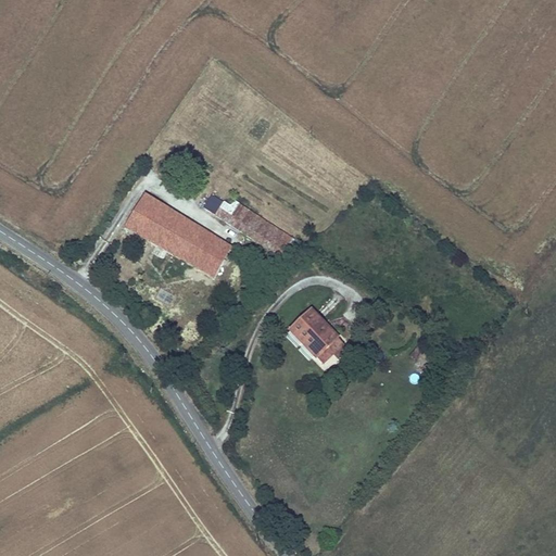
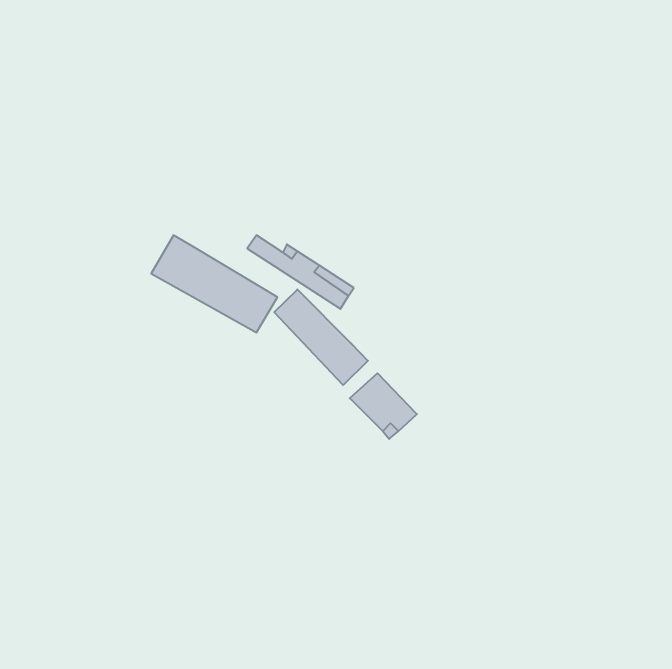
building: none -> [274,289,368,385]

